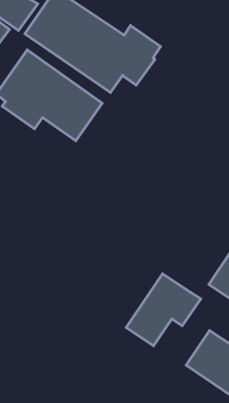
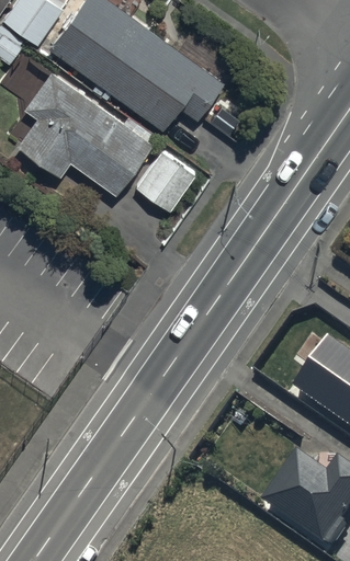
building: none -> [131,148,199,214]
building: [126,274,201,346] -> none

